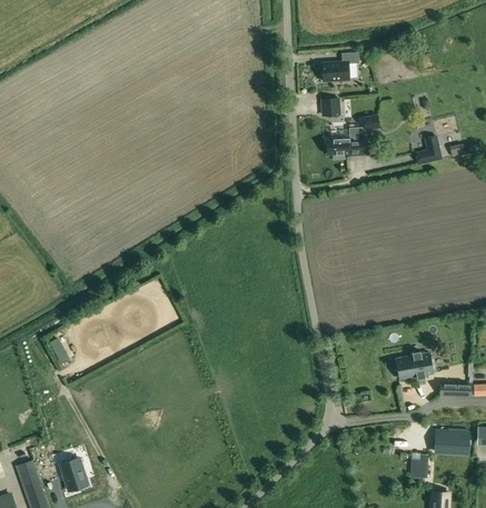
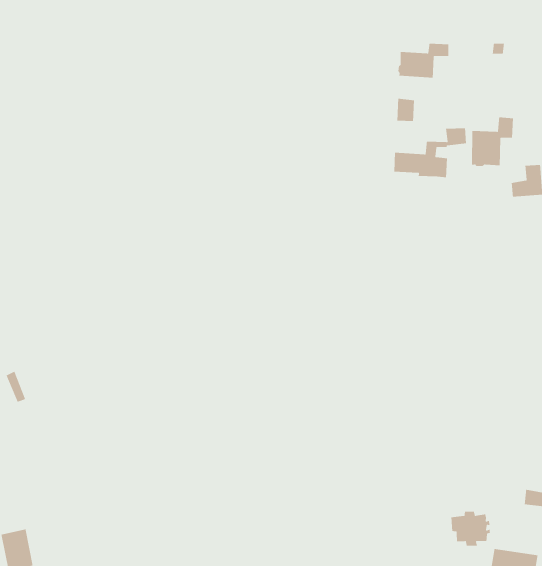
building: none -> [471,117,514,167]
building: [401,351,434,379] -> [450,511,491,546]

